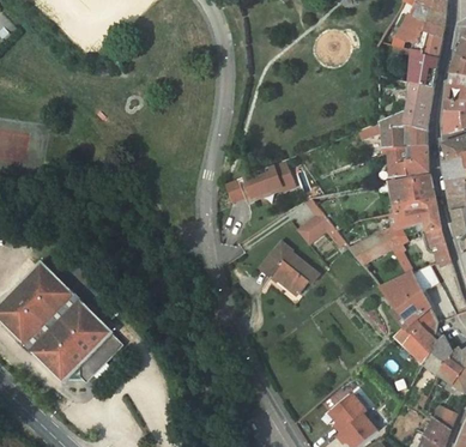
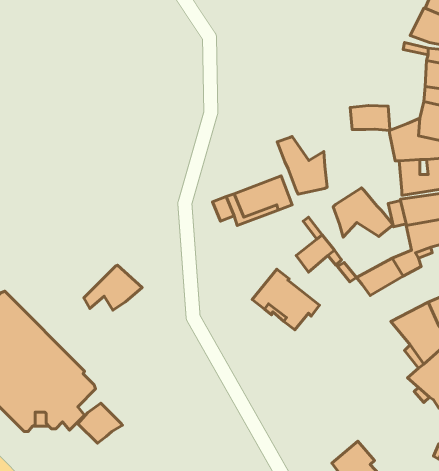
building: none -> [350,106,390,130]
building: none -> [277,136,327,194]
building: none -> [333,188,393,237]
building: none -> [84,265,142,310]
building: none -> [78,403,123,443]

